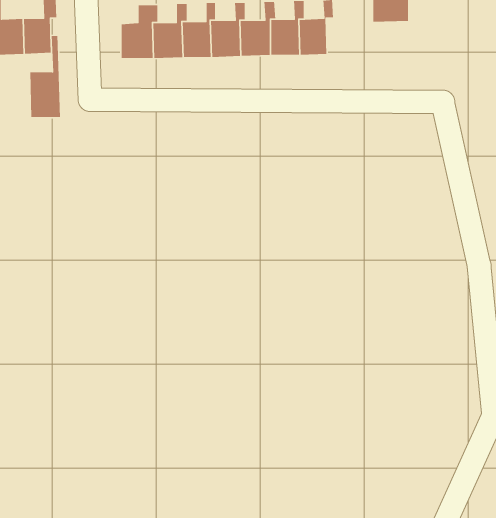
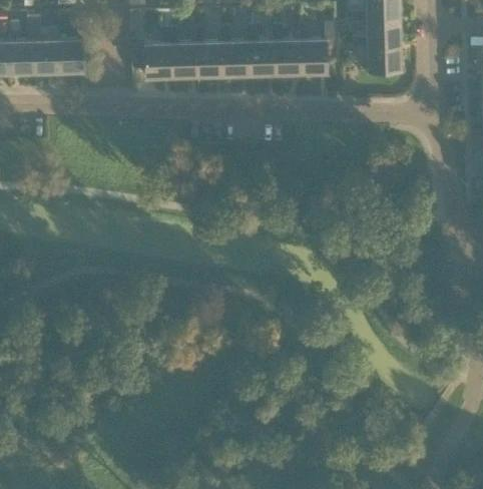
building: none -> [354,38,403,71]
building: [30,35,61,118] -> none

